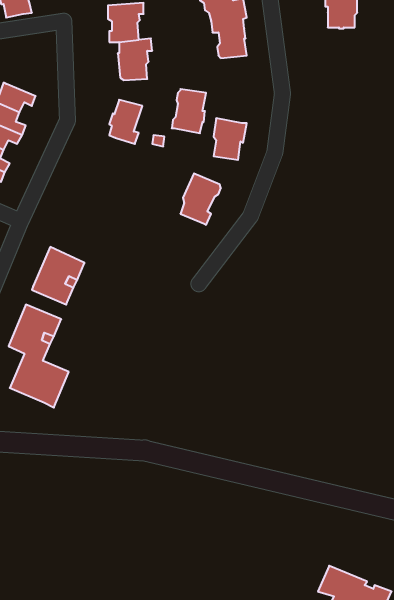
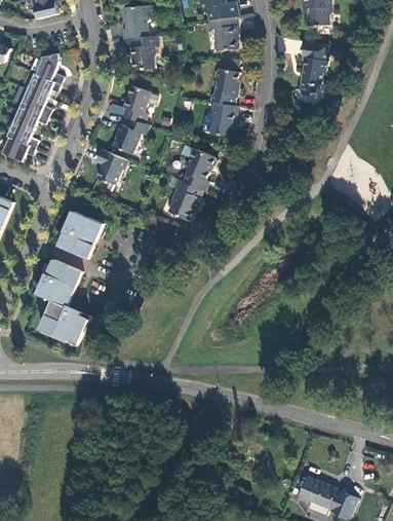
building: none -> [298,41,326,96]
building: none -> [36,52,64,83]
building: [172,89,206,133] -> [209,69,238,106]
building: none -> [112,118,149,154]
building: none -> [94,148,127,184]
building: none -> [167,179,201,220]

